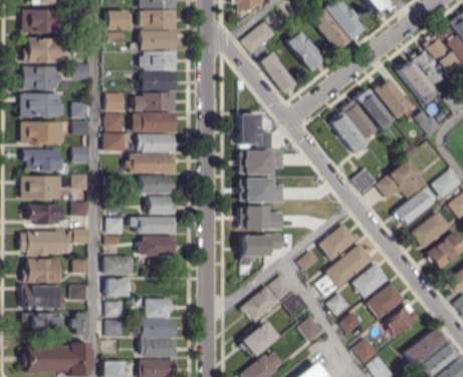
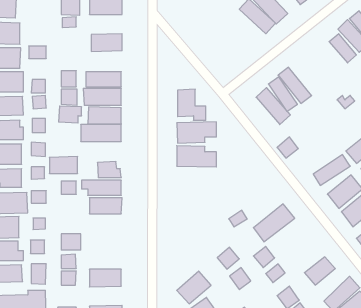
building: [242,21,275,53] -> none
building: [140,30,176,50] -> none
building: [285,31,323,71] -> none
building: [258,51,296,93] -> none
building: [397,60,434,100] -> none
building: [140,71,176,90] -> none
building: [374,76,410,118] -> none
building: [376,158,426,200] -> none
building: [138,174,170,194] -> [49,157,78,173]
building: [238,206,281,230] -> none
building: [318,223,357,260] -> none
building: [240,235,280,262] -> none
building: [104,256,133,275] -> none
building: [351,263,388,298] -> none
building: [240,274,294,322] -> none
building: [366,283,404,319] -> none
building: [145,299,170,317] -> none
building: [140,339,176,356] -> none

